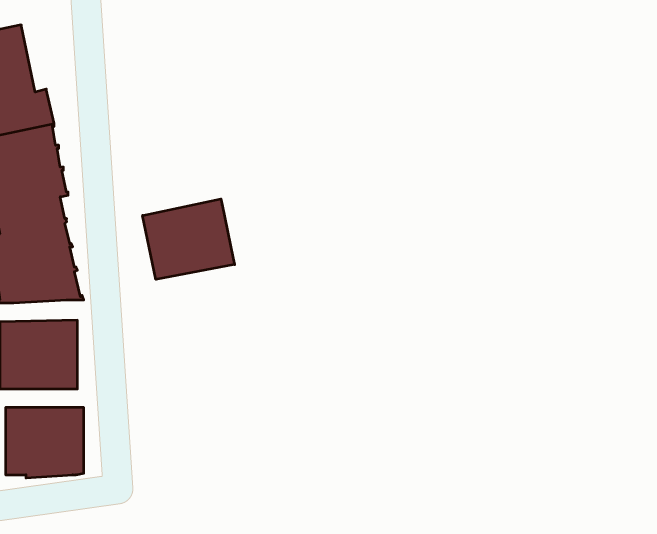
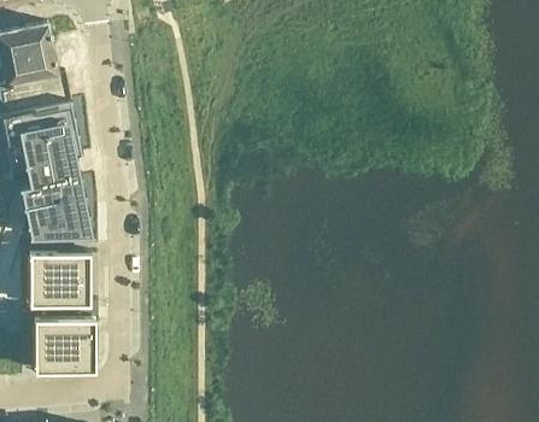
building: [143,199,235,279] -> none

